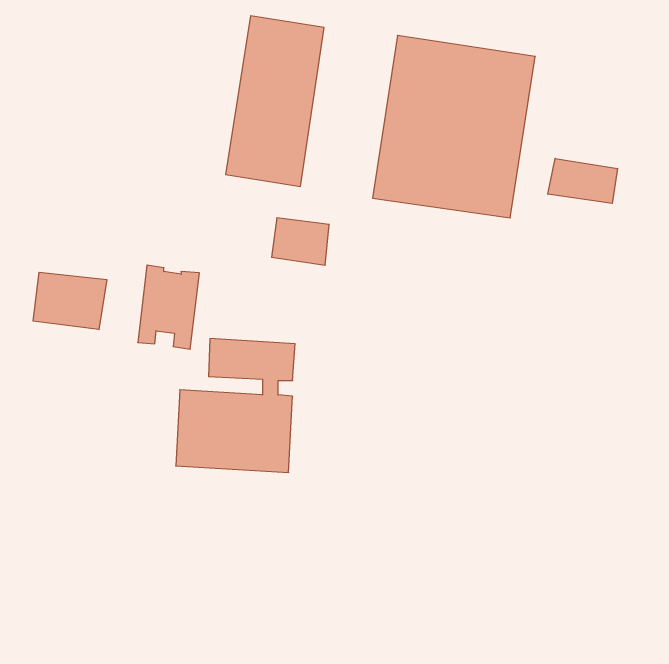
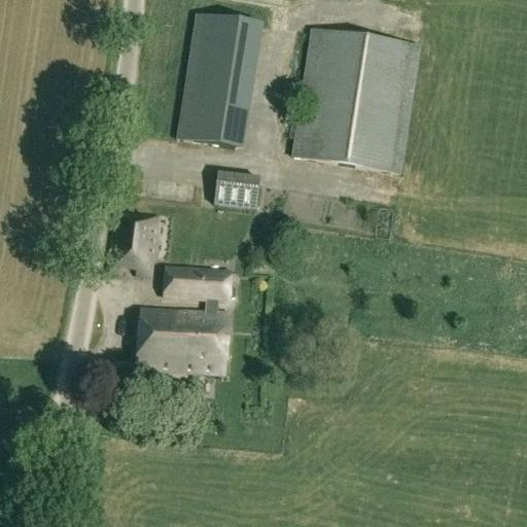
building: [548,158,618,203] -> none
building: [33,272,107,330] -> none

